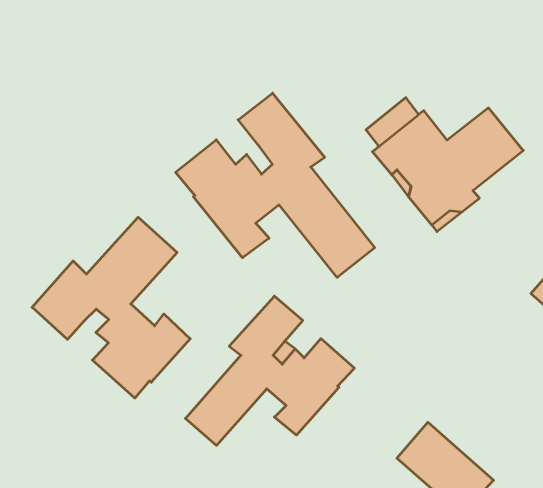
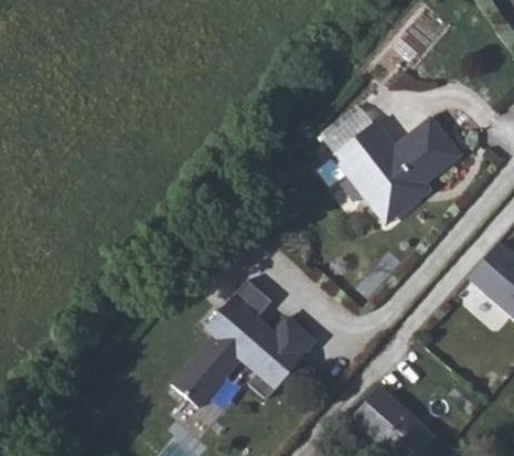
building: [176,93,375,277] -> none
building: [32,217,190,398] -> none

